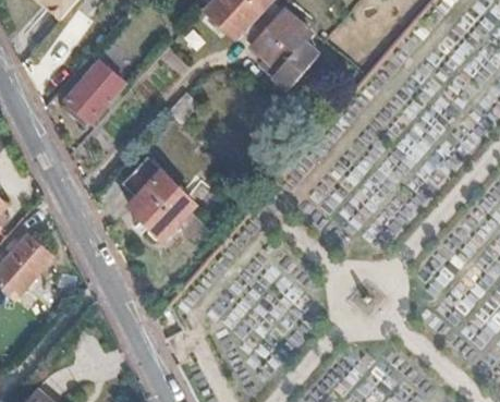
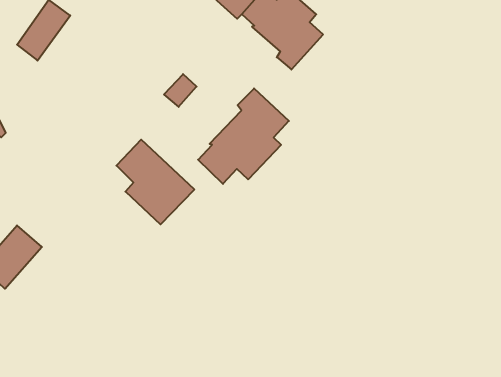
building: [65,64,122,121] -> none
building: none -> [198,88,289,184]

